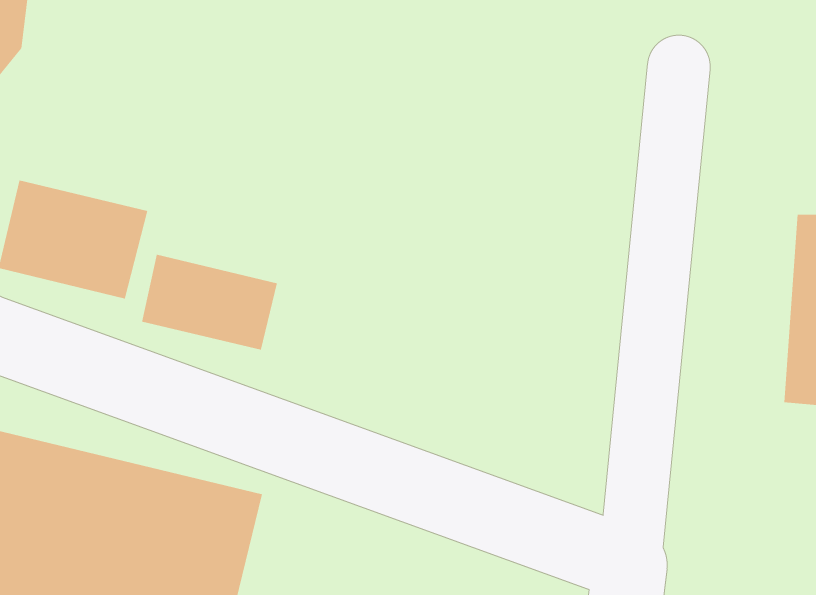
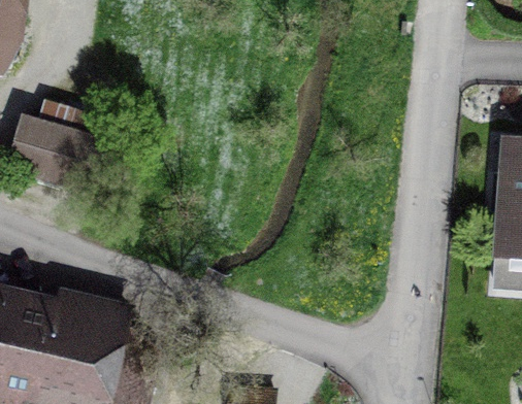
building: [141,254,277,351] -> none

